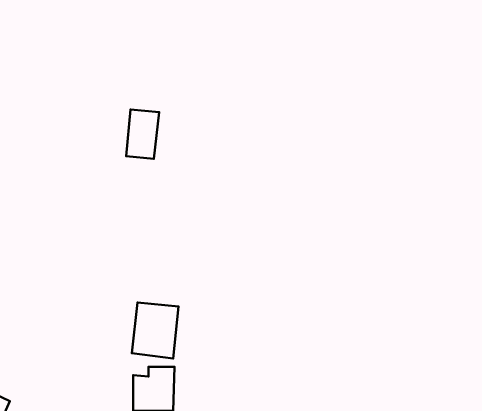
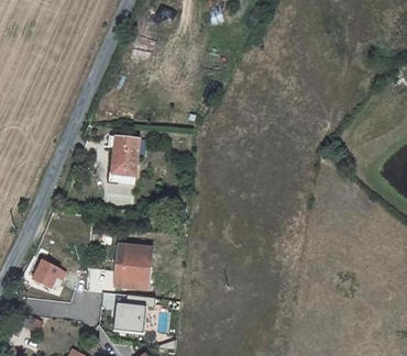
building: [126,110,159,159] -> [112,135,139,175]
building: none -> [30,258,63,290]

